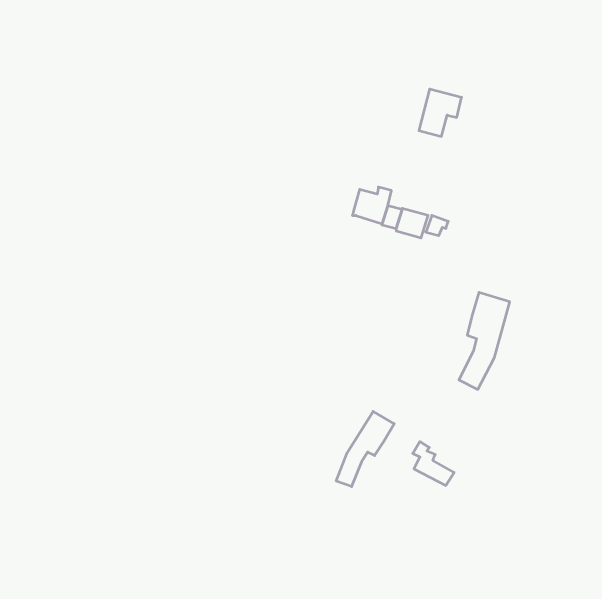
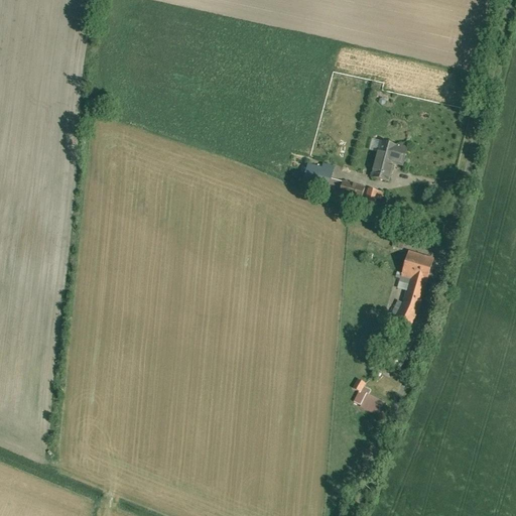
building: [419,89,462,136] -> [370,137,406,177]
building: [336,411,394,487] -> none

